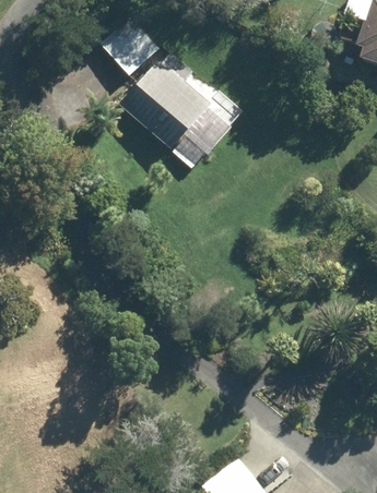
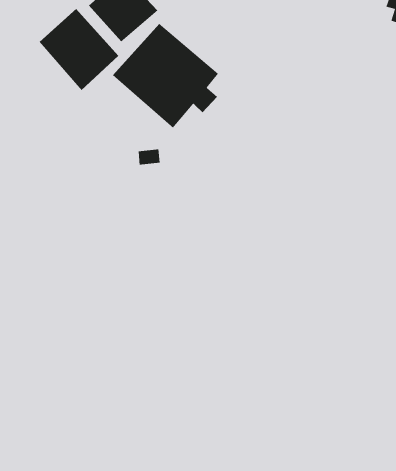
building: none -> [39,8,119,91]

